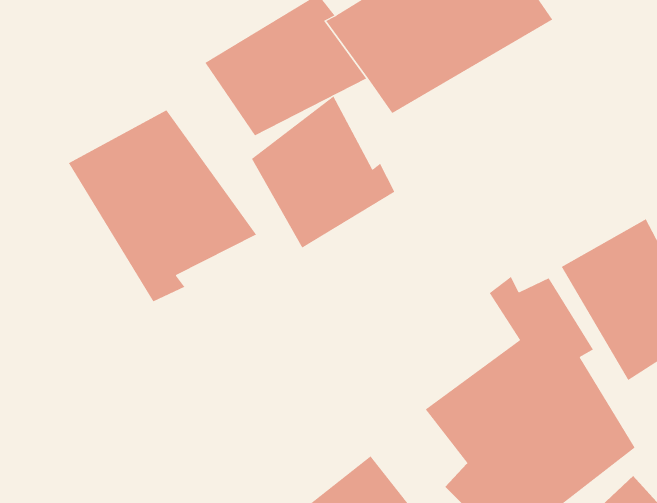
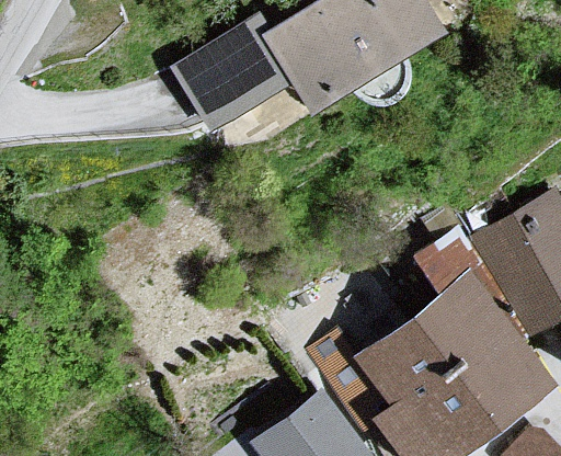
building: [251,96,395,249] -> none
building: [68,109,257,302] -> none

